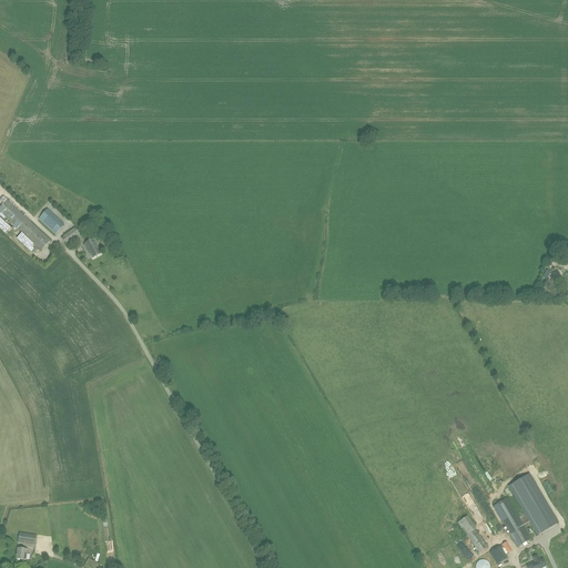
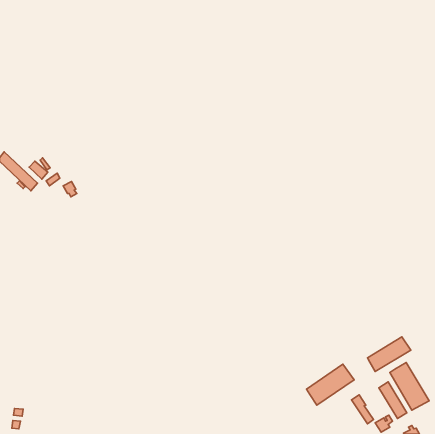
building: none -> [367,337,411,371]
building: none -> [307,364,354,405]

